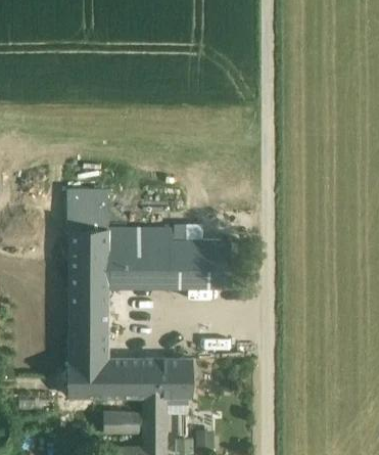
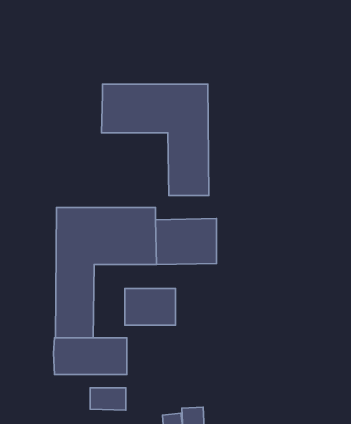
building: none -> [101,84,209,195]
building: [69,196,106,229] -> none
building: [140,360,191,397] -> [125,288,176,325]

